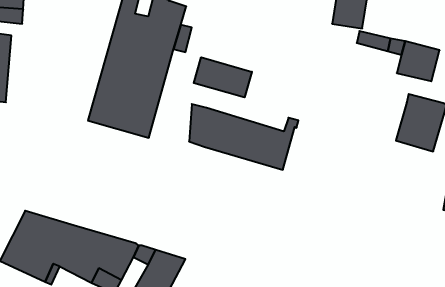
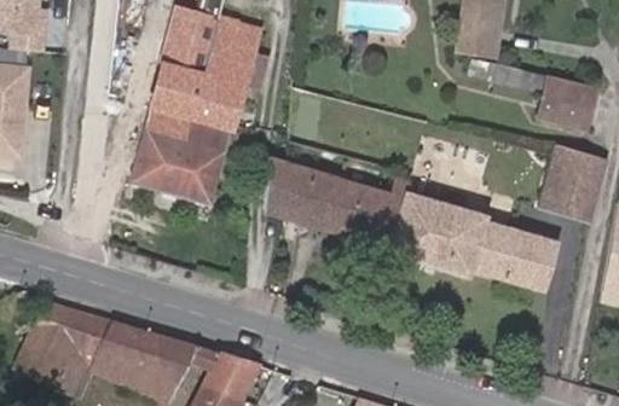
building: [194,57,252,97] -> none
building: none -> [388,188,556,288]

